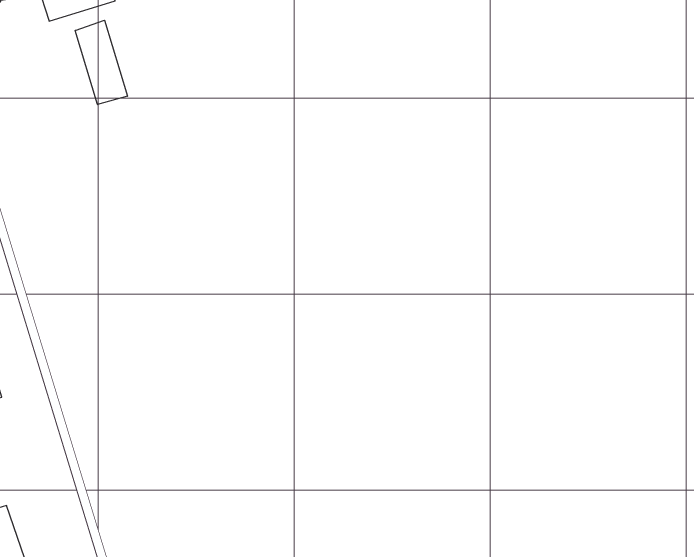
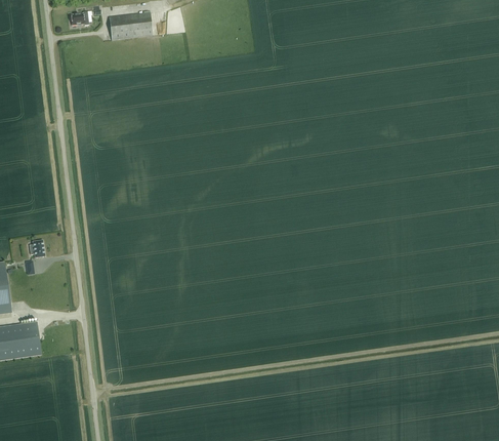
building: [75,20,127,105] -> none

